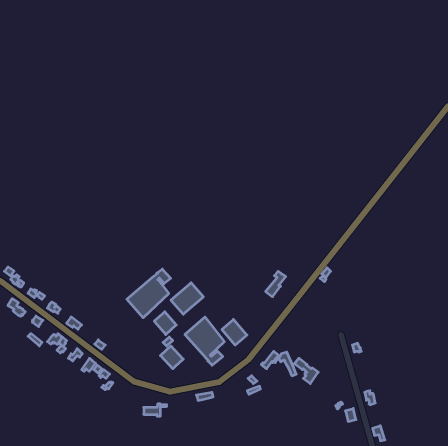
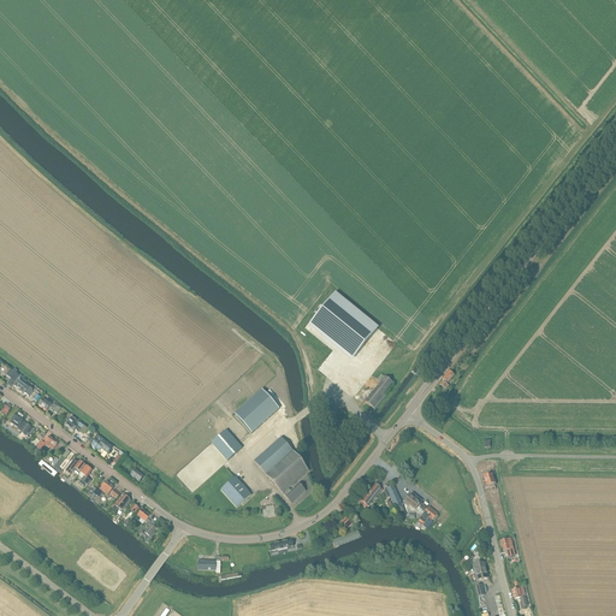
building: none -> [308,290,378,359]
building: [127,269,171,318] -> none
building: [222,319,247,345] -> none

